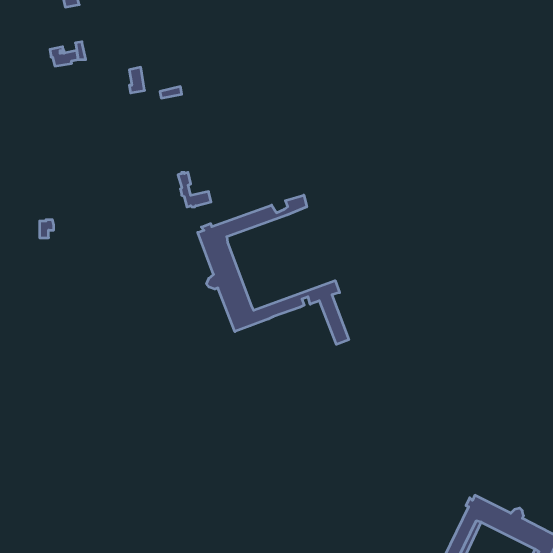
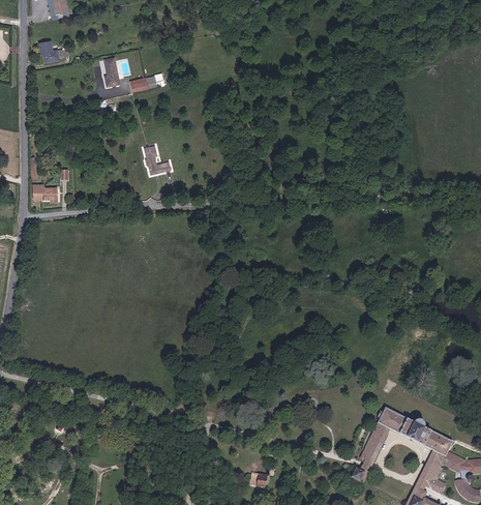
building: [198,195,349,344] -> none

